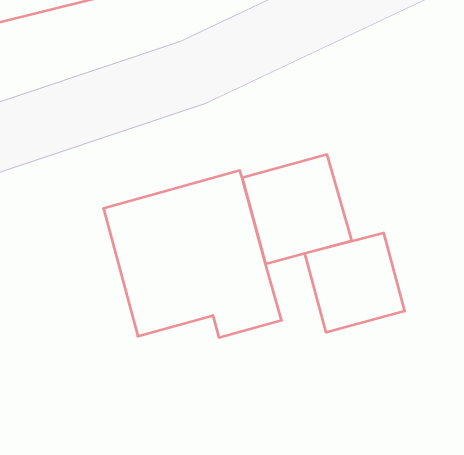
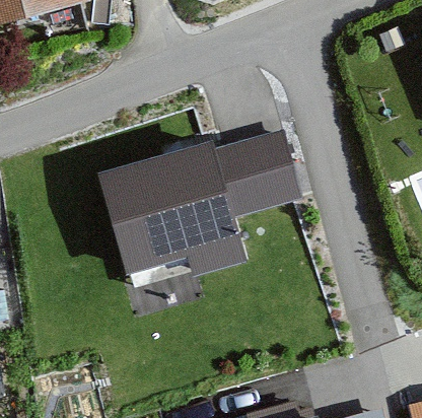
building: [305,233,405,332] -> none

